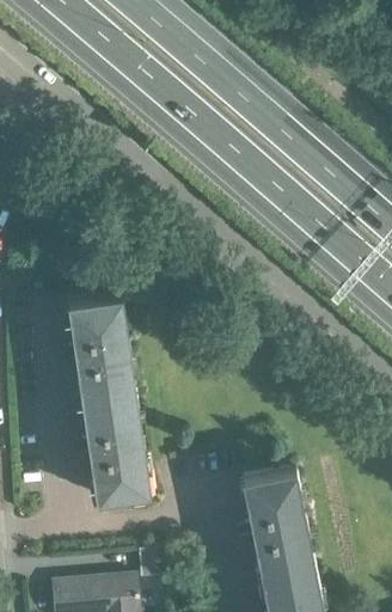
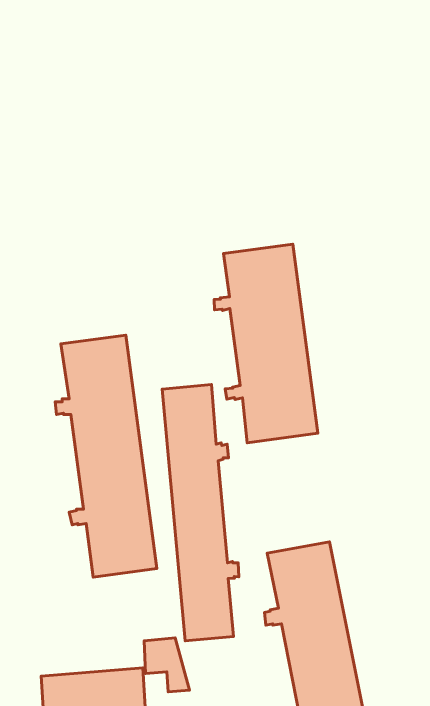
building: none -> [214,244,318,443]
building: none -> [162,384,239,641]

